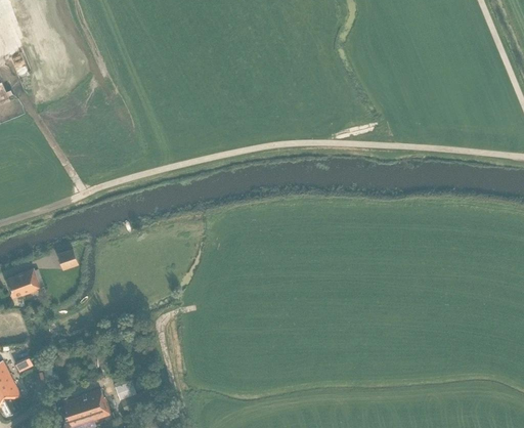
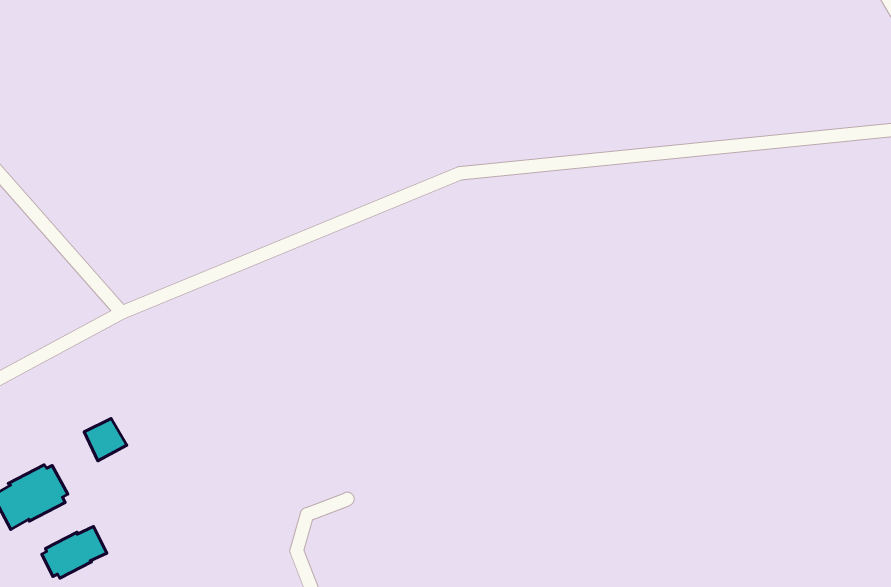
building: none -> [42,527,107,578]

